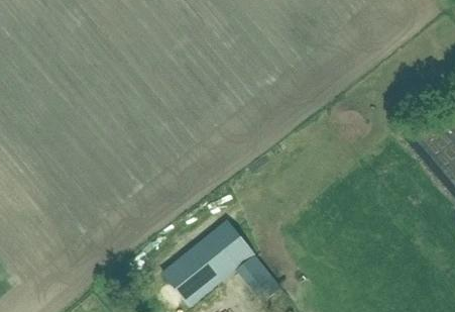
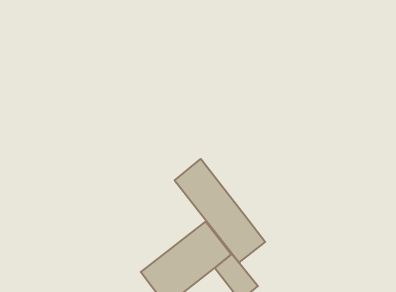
building: none -> [175,159,265,263]

